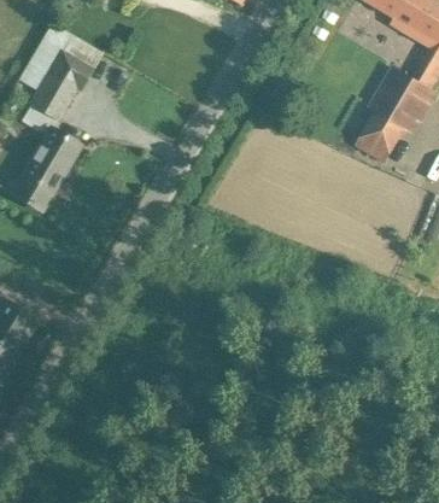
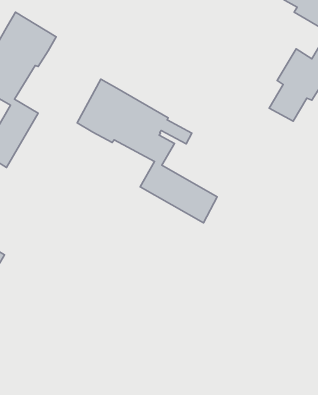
building: none -> [77,79,217,223]

